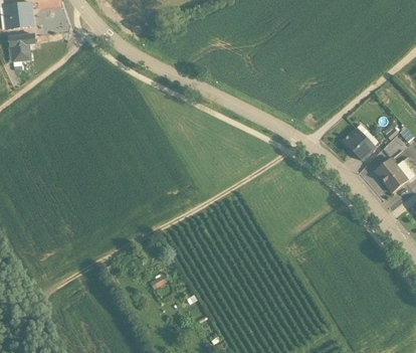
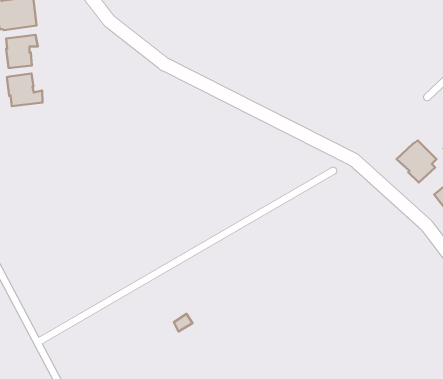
building: none -> [7,74,43,106]

